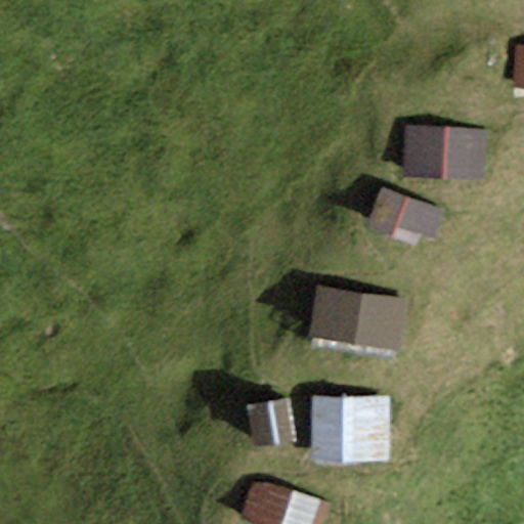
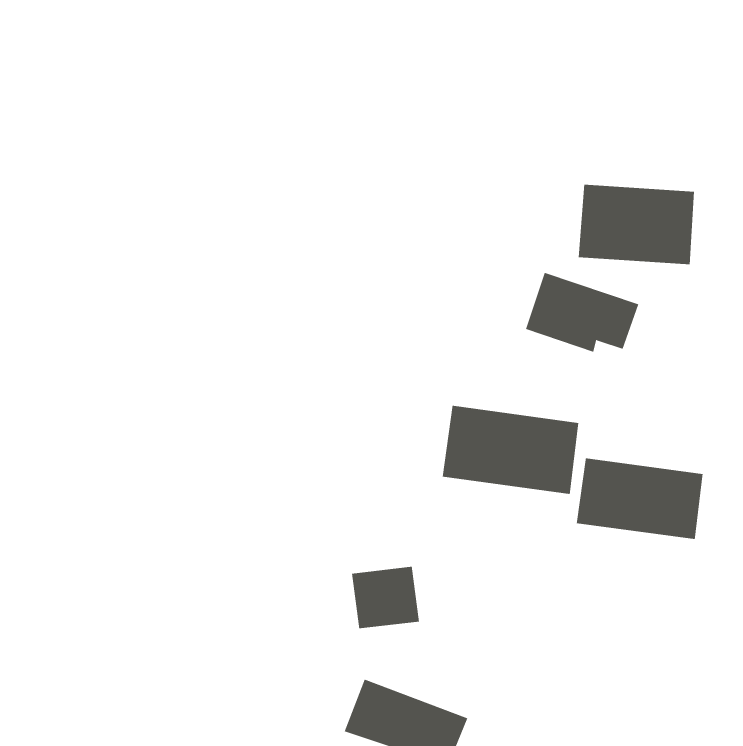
building: none -> [576,458,703,540]
building: [312,396,389,456] -> none

